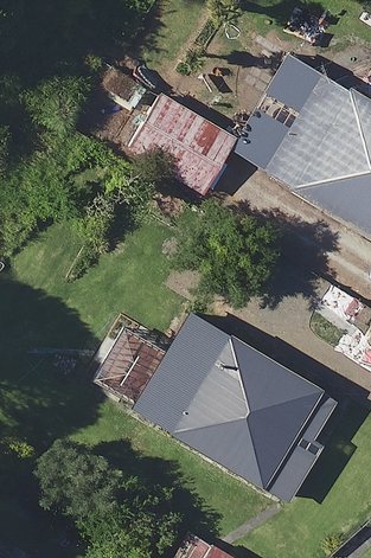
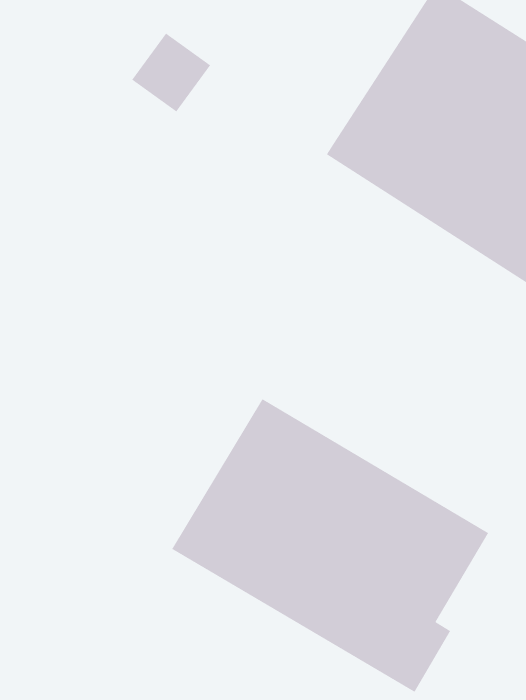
building: [130,98,235,197] -> none

